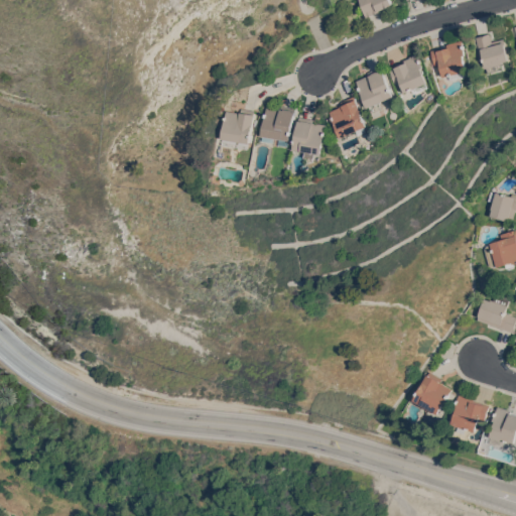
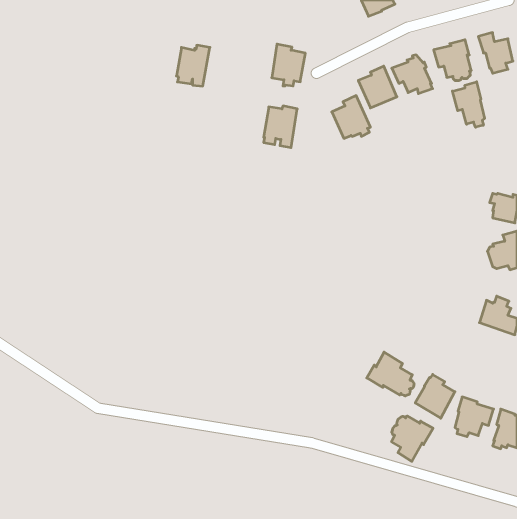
building: none -> [452,82,485,127]
building: [220,109,253,149] -> [176,45,210,86]
building: [292,117,326,158] -> [272,44,305,86]
building: none -> [367,352,414,396]
building: none -> [392,416,433,461]

